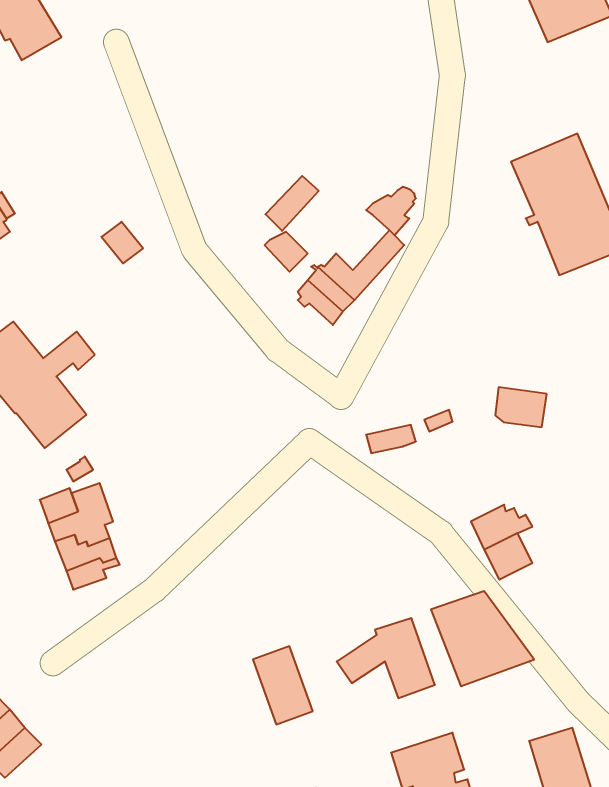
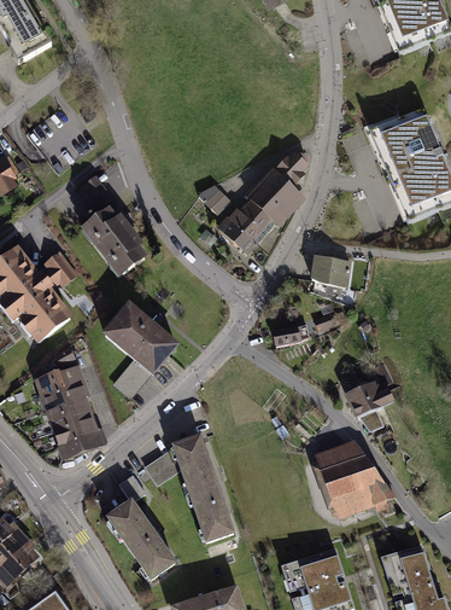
building: [265,176,319,231] -> [250,172,288,211]
building: none -> [86,210,144,272]
building: [495,387,547,427] -> [311,256,348,285]
building: none -> [104,304,176,395]
building: none -> [59,425,104,457]
building: [337,618,435,698] -> [145,436,216,494]
building: none -> [107,475,174,577]

